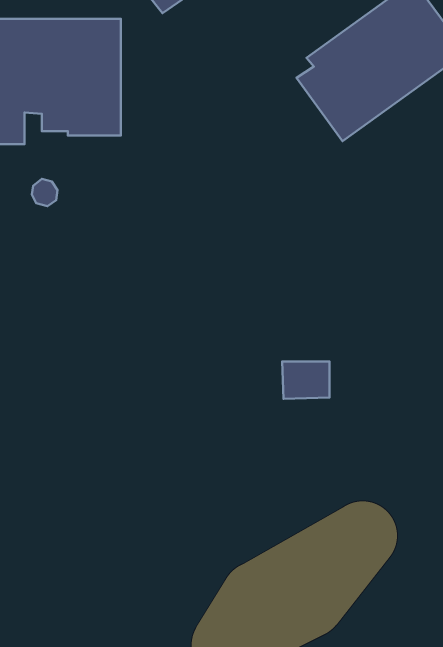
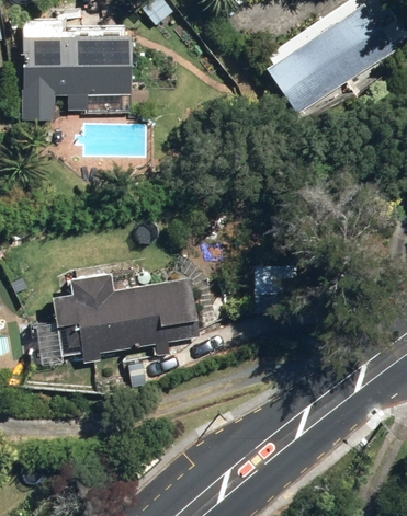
building: none -> [48,273,199,363]

